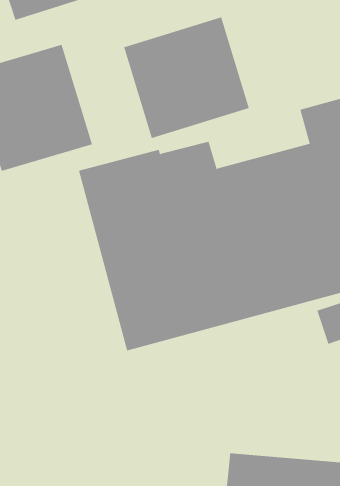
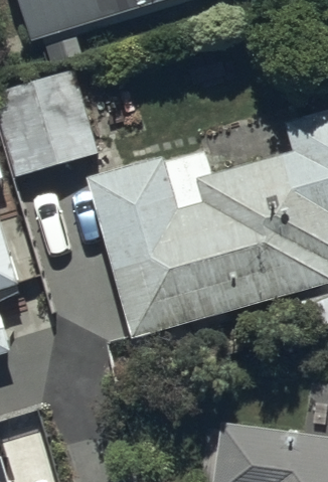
building: [124,17,249,139] -> none

